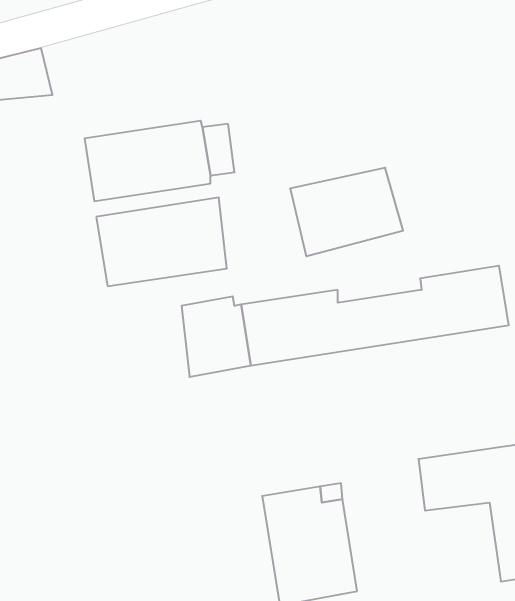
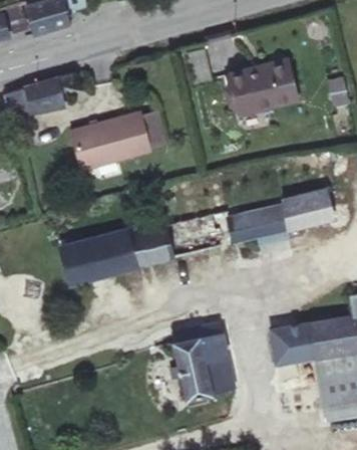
building: [290,168,403,256] -> [225,62,295,118]
building: [96,198,227,286] -> [51,231,132,286]

